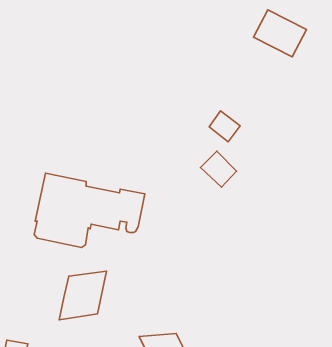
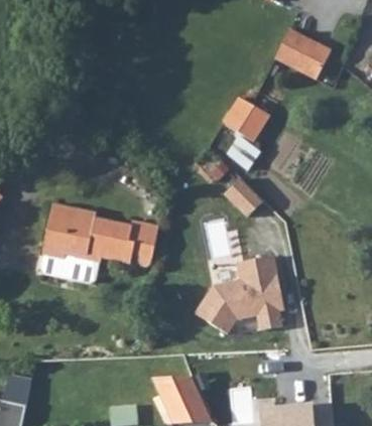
building: none -> [223,98,270,142]
building: none -> [190,257,279,335]
building: [59,271,107,320] -> none

